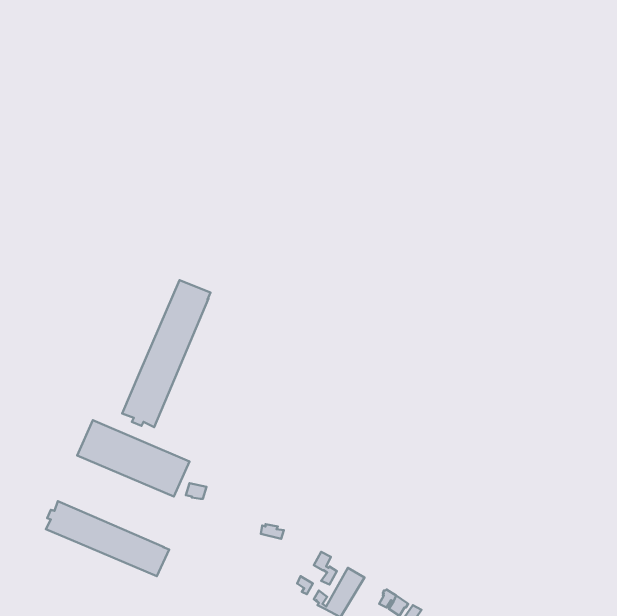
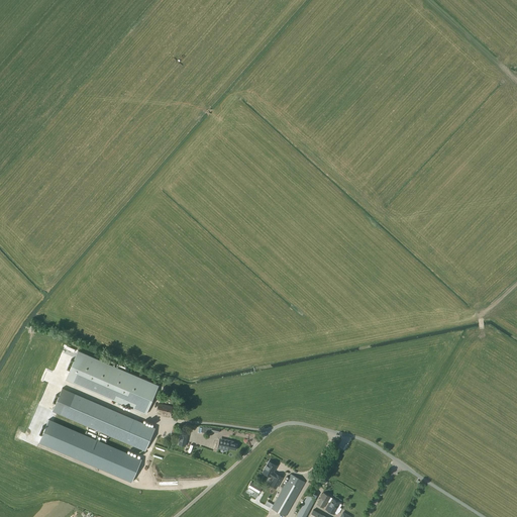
building: [122,280,211,427] -> none
building: none -> [53,390,156,451]

